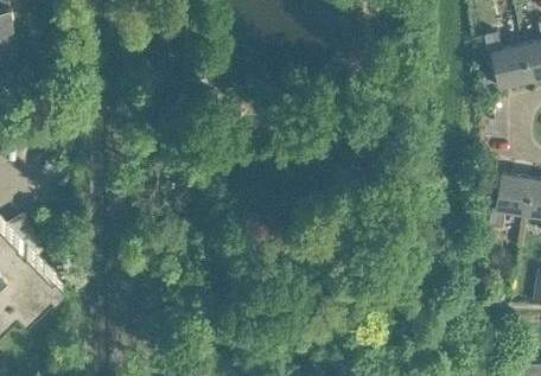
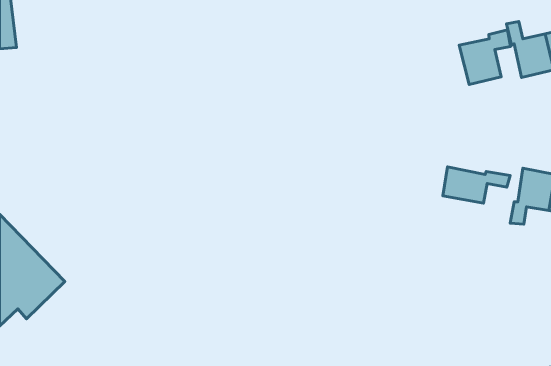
building: none -> [459,30,511,84]
building: none -> [443,167,510,203]

